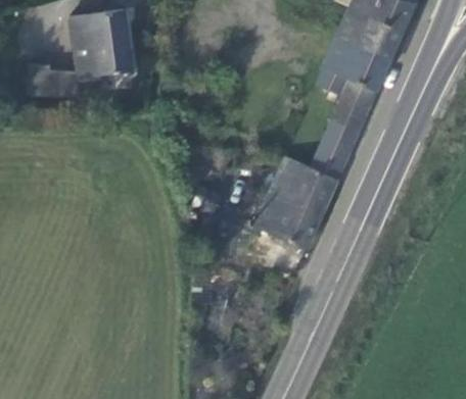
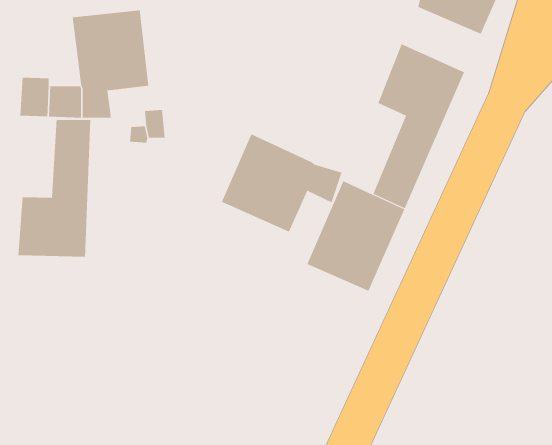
building: [337,7,403,60] -> none
building: none -> [18,119,91,258]
building: none -> [221,134,342,232]

